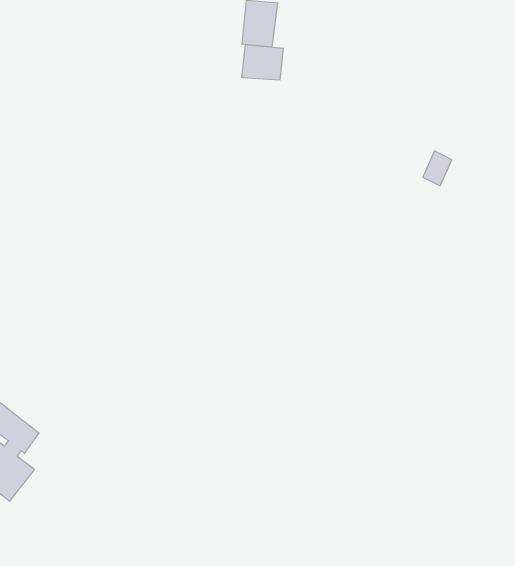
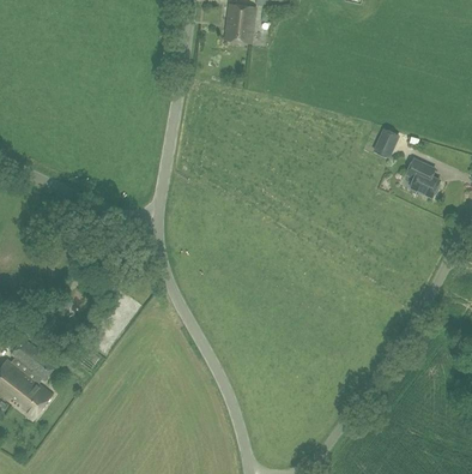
building: [242,44,283,80] -> none
building: none -> [406,158,440,197]

